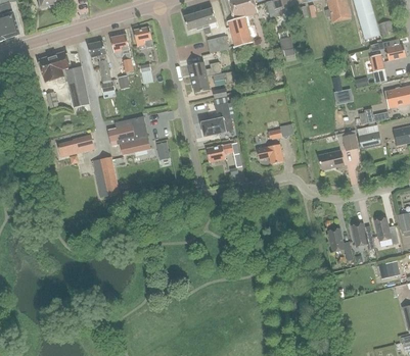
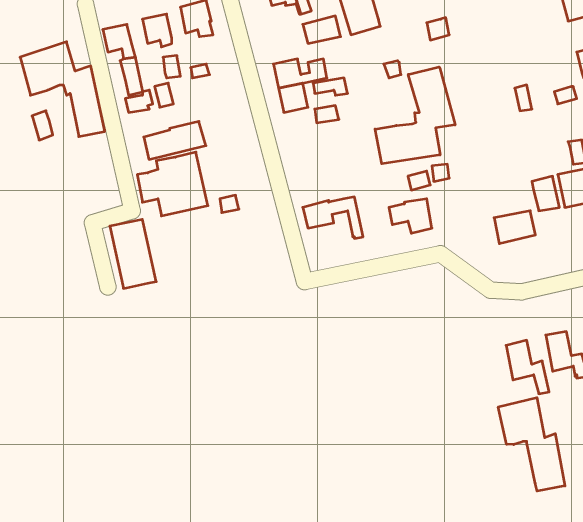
building: none -> [375,67,455,164]
building: [200,102,232,137] -> none
building: [56,135,93,157] -> [144,121,206,159]
building: none -> [498,398,565,491]

